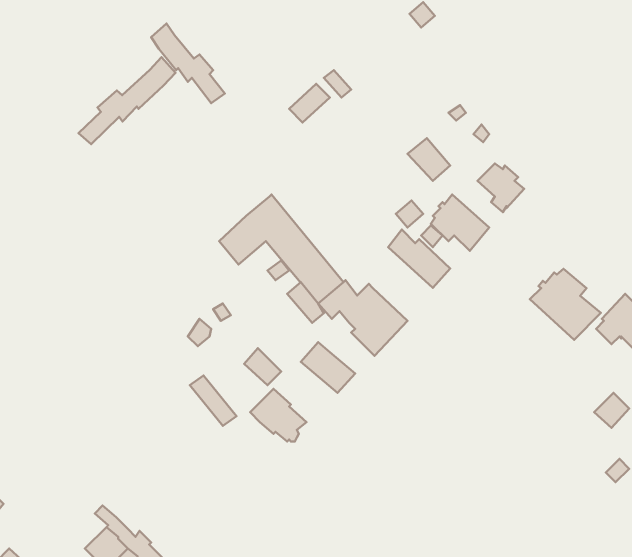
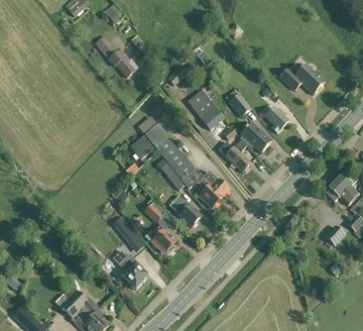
building: [78,57,175,144] -> none
building: none -> [279,64,324,94]
building: none -> [187,90,222,128]
building: [530,269,601,340] -> none
building: none -> [118,253,145,288]

